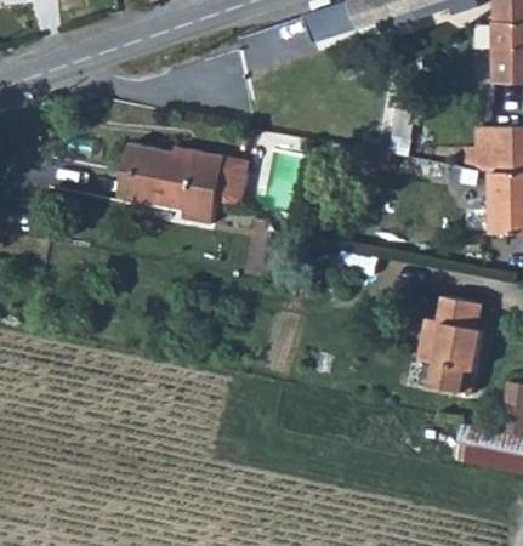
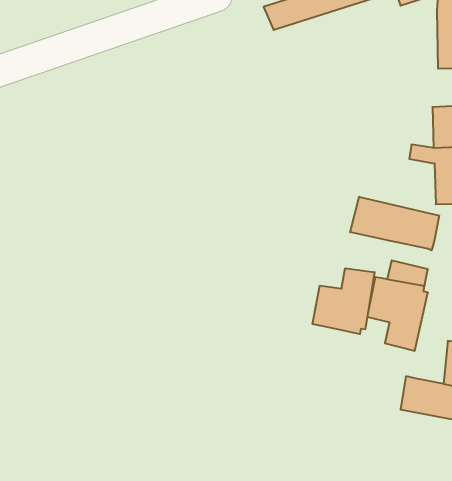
building: [115,144,244,224] -> none
building: none -> [350,197,439,250]
building: none -> [312,268,375,334]

